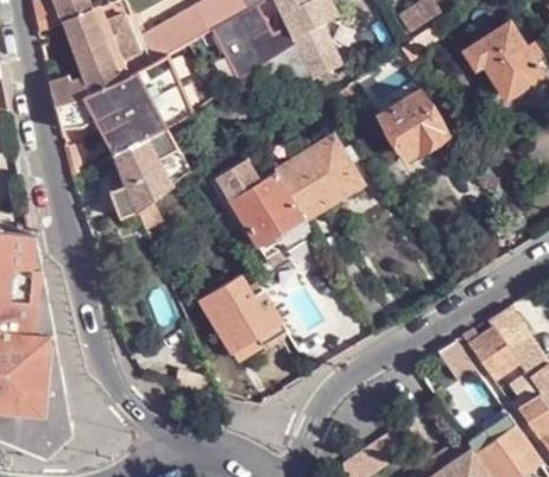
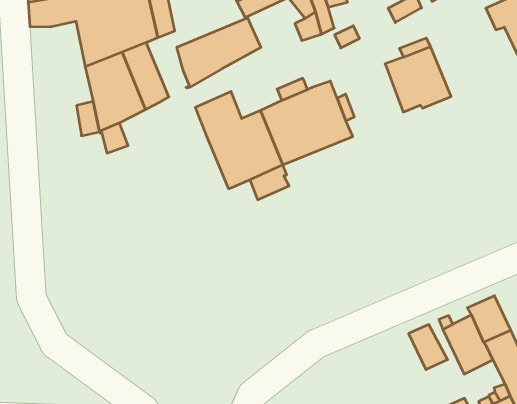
building: none -> [177,18,261,88]
building: [198,275,285,360] -> none

